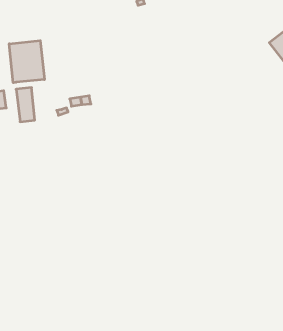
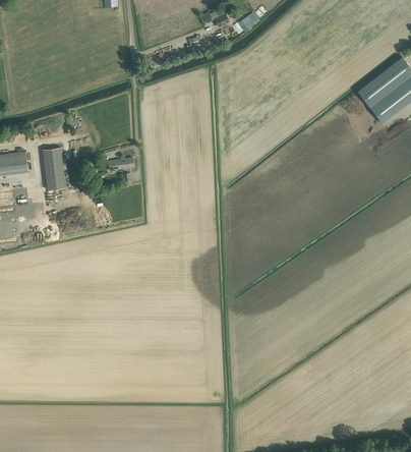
building: [9,41,44,83] -> none

